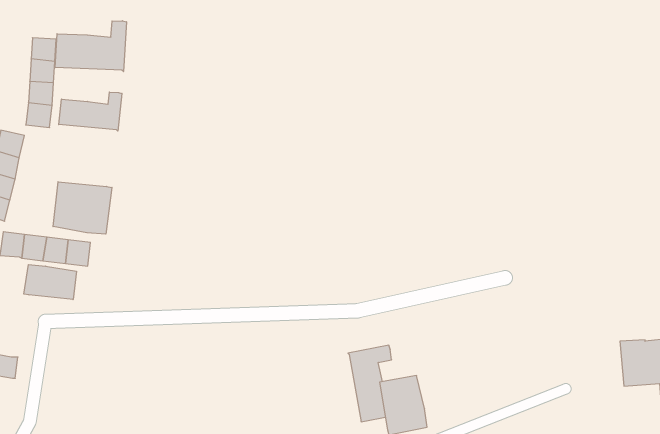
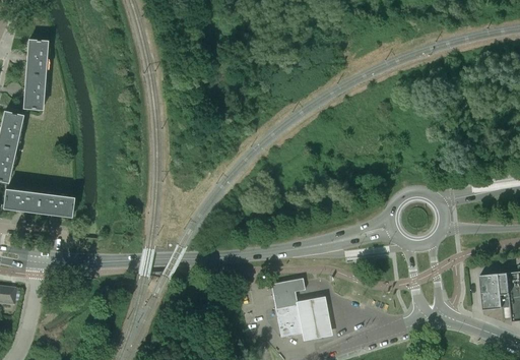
building: [55,21,126,72] -> none
building: [59,92,122,131] -> none
building: [53,182,112,234] -> none
building: [24,265,76,300] -> none

